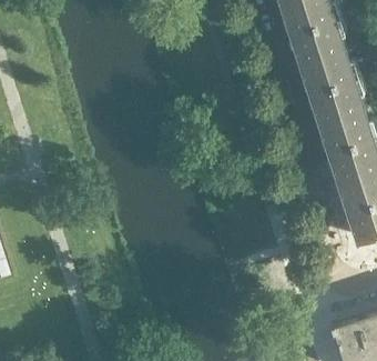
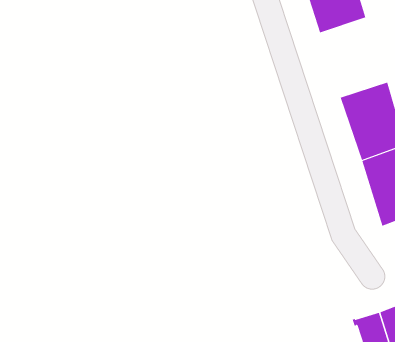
building: [303,44,366,119] -> none

